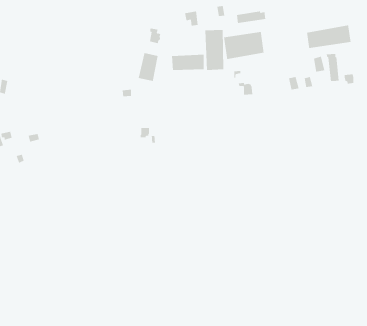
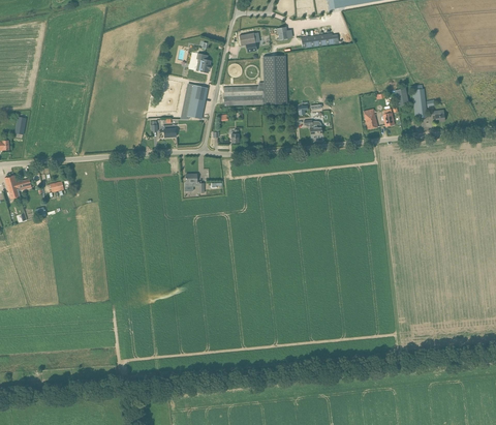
building: [306,25,351,49] -> none
building: [224,31,264,60] -> none

